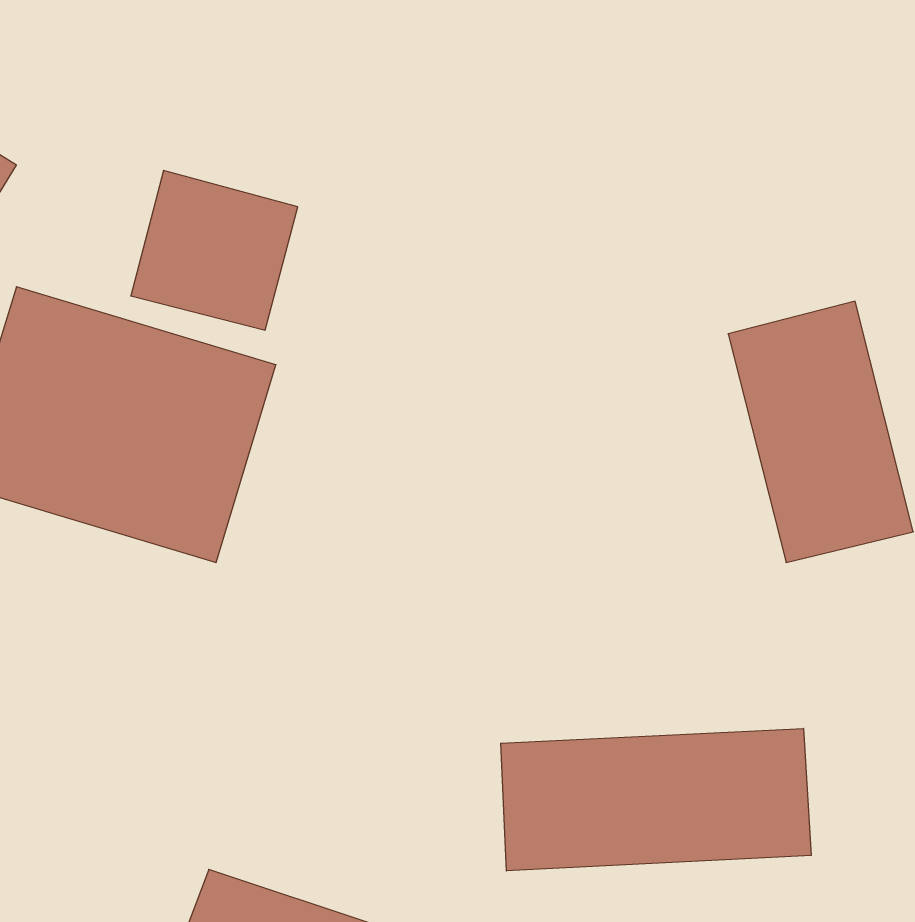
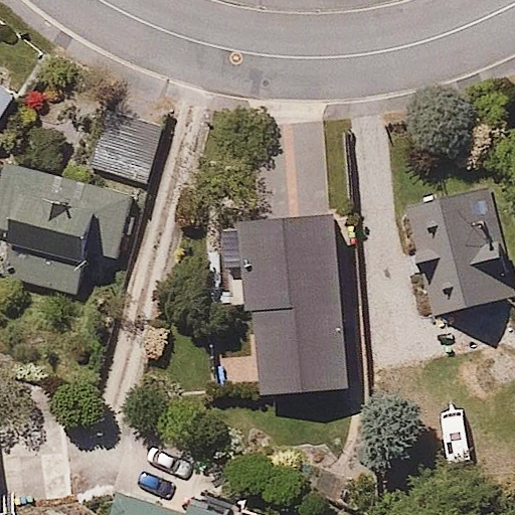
building: none -> [210,219,360,393]
building: [501,728,811,871] -> none

